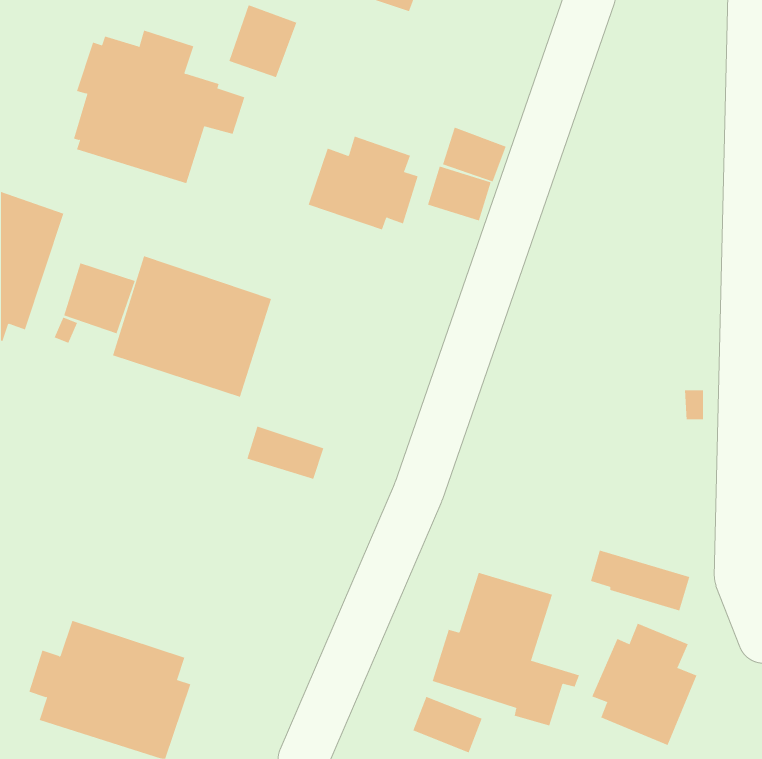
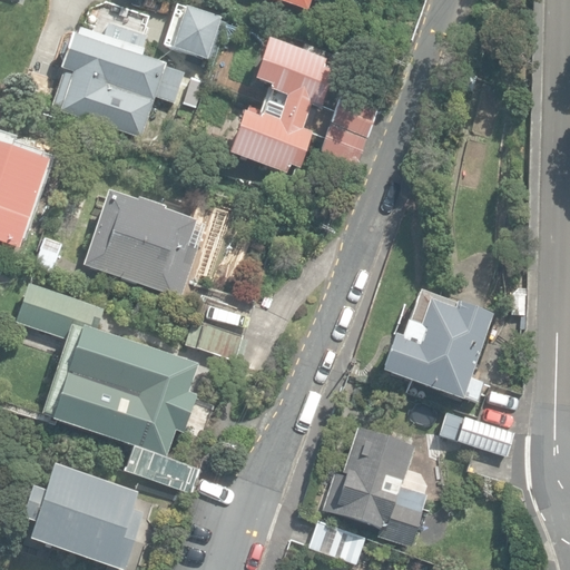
building: none -> [255,39,334,116]
building: [64,262,136,334] -> none
building: none -> [17,283,202,492]
building: none -> [380,287,492,401]
building: [591,623,697,746] -> none

